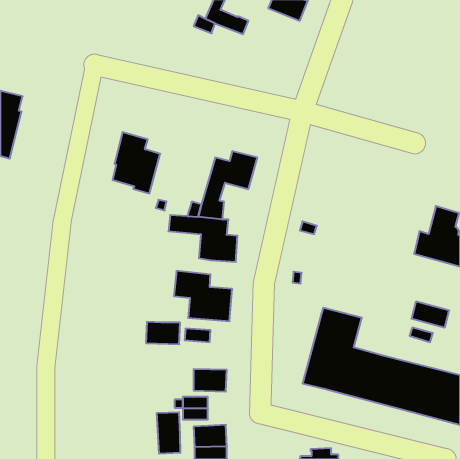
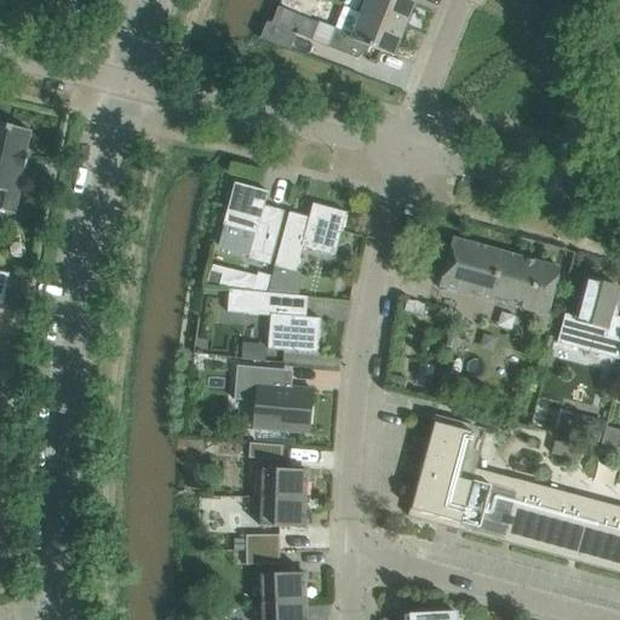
building: none -> [327,11,403,58]
building: [113,132,160,193] -> [220,182,285,264]
building: none -> [440,237,559,315]
building: [146,322,180,344] -> [260,467,306,498]
building: [157,412,180,454] -> none

